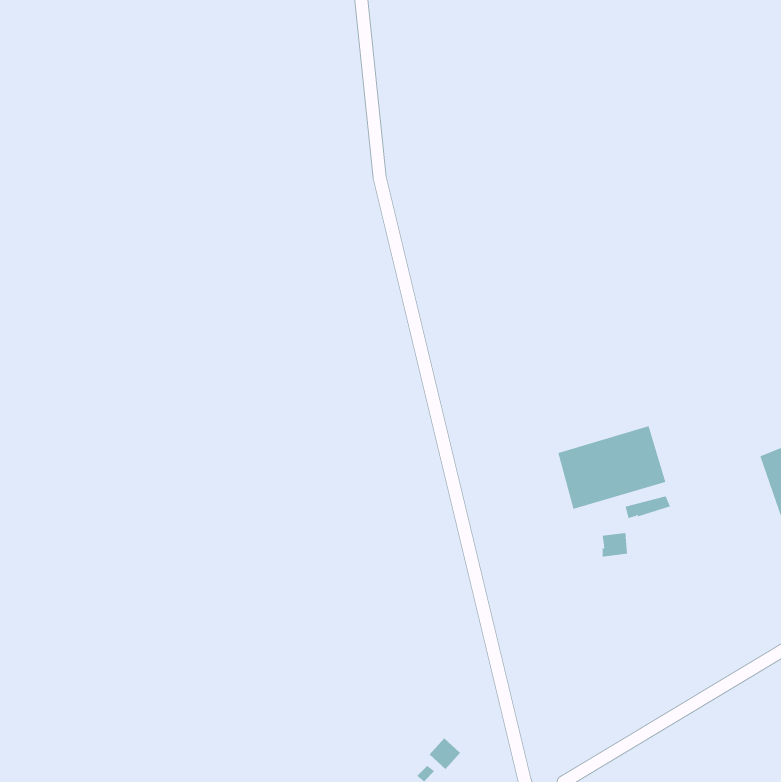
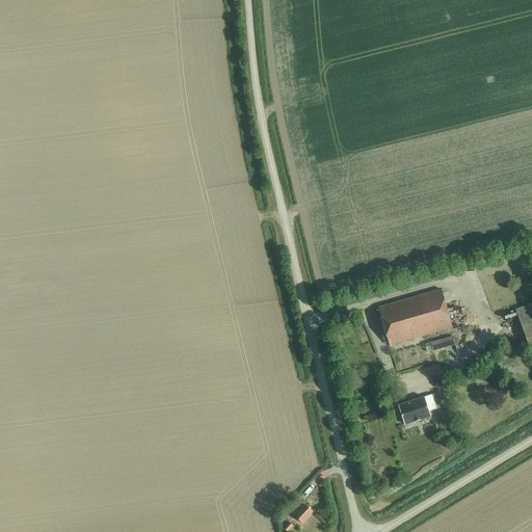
building: none -> [399,394,437,425]

